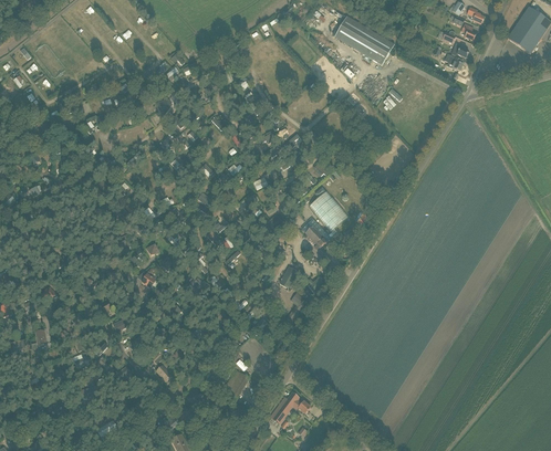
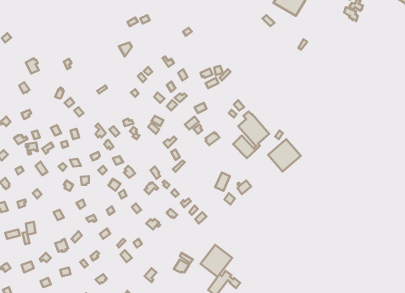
building: none -> [268,139,301,172]
building: none -> [201,245,232,277]

